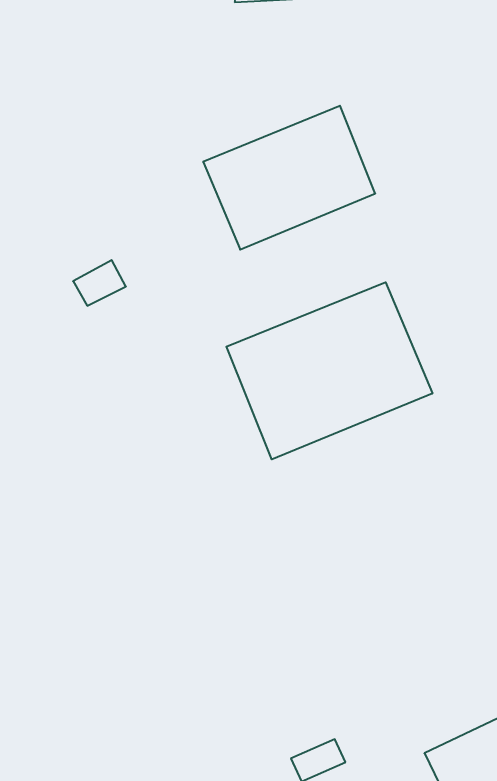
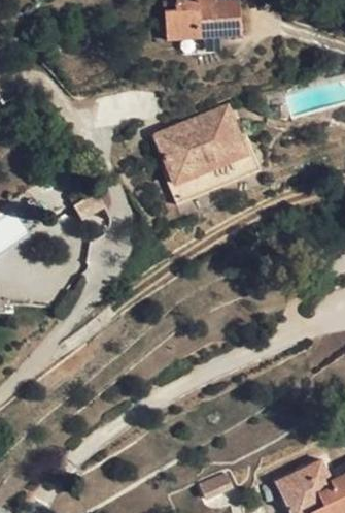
building: [226,282,432,459] -> none

